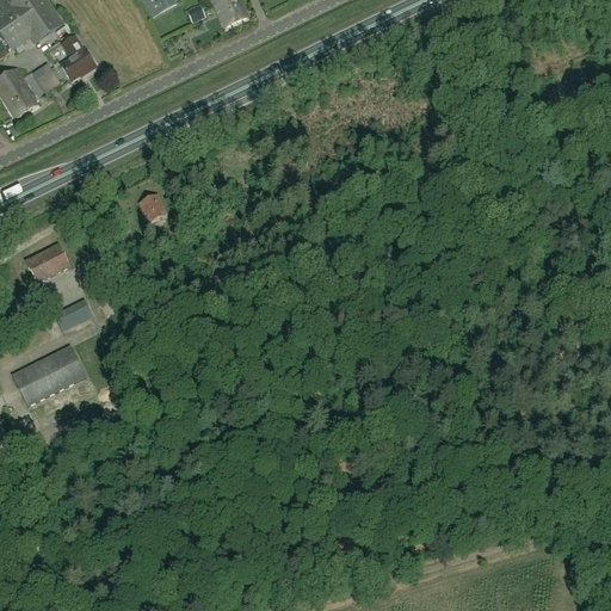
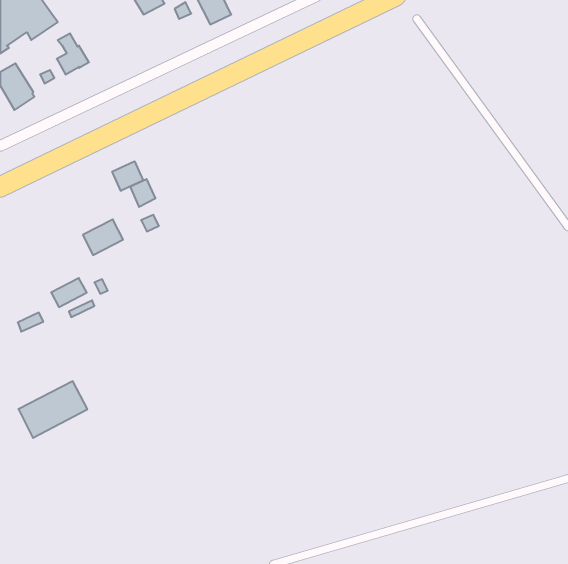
building: none -> [112,161,143,191]
building: [26,243,69,282] -> [83,219,123,255]
building: [13,345,87,406] -> [18,381,87,438]

